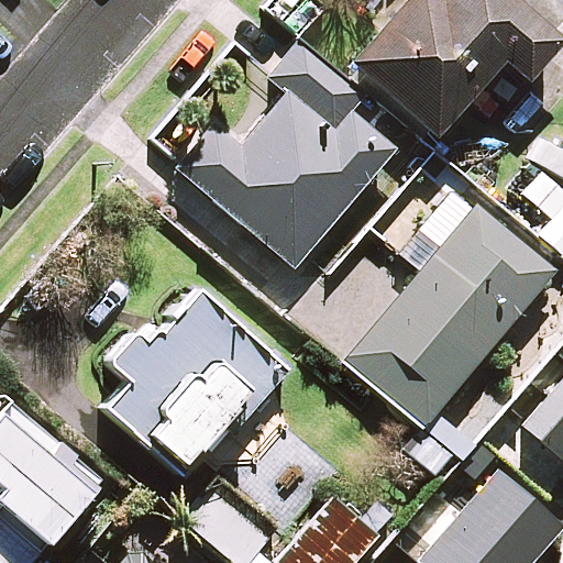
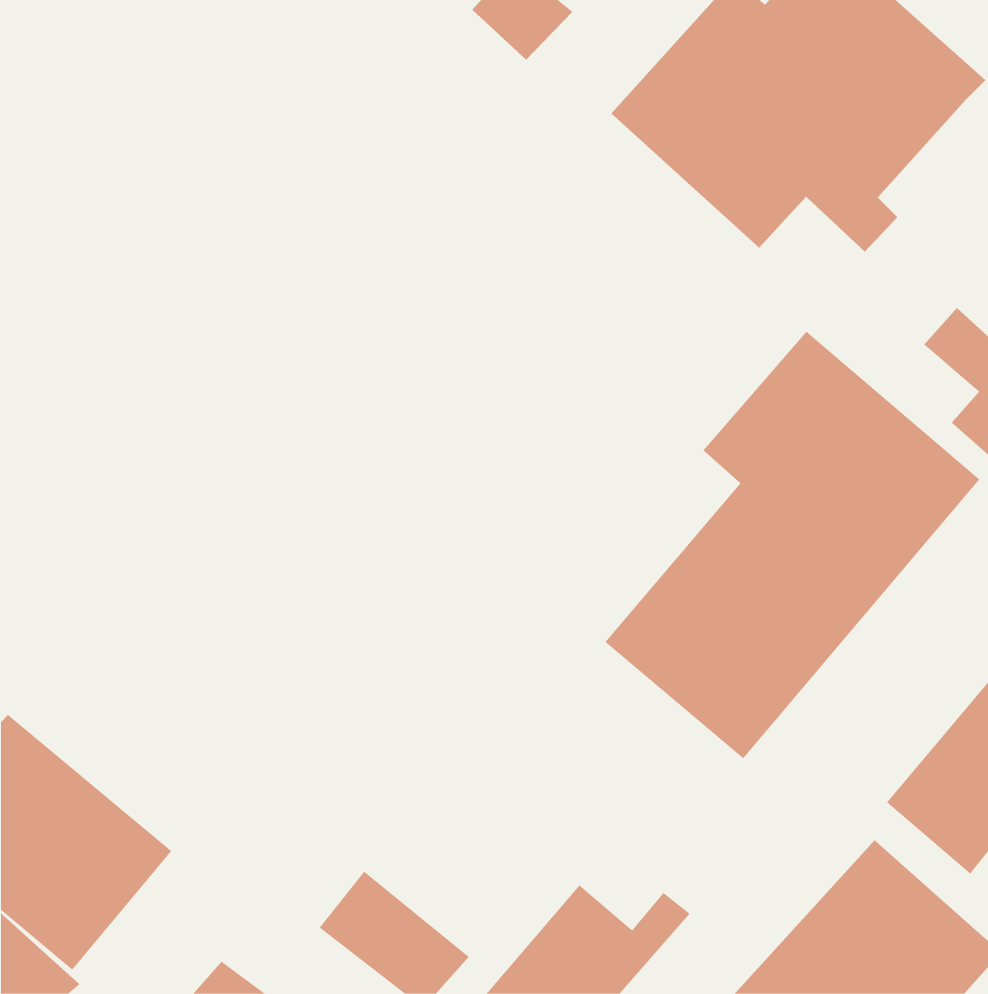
building: [178,42,395,268] -> none
building: [111,294,287,471] -> none

